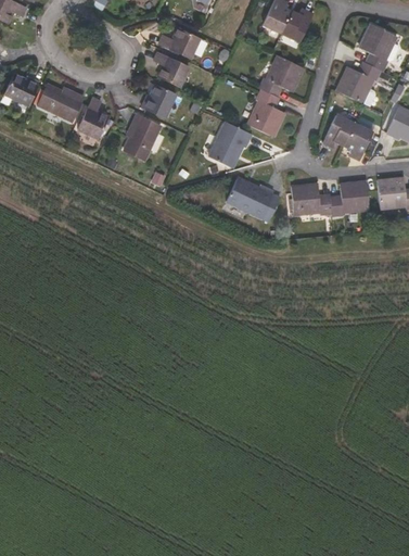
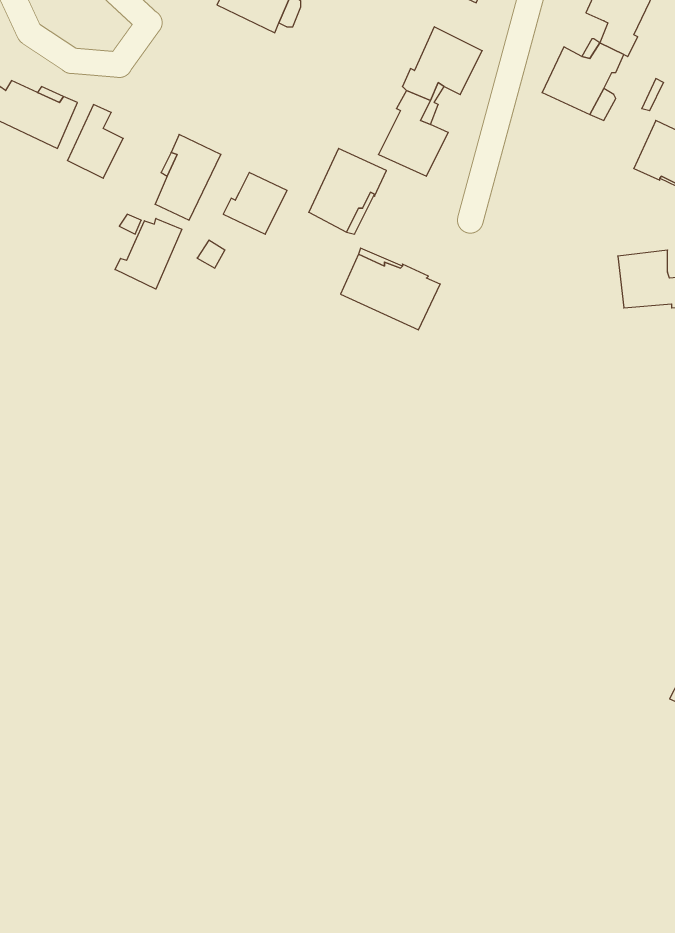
building: [153,51,188,87] -> none
building: [141,84,176,117] -> [223,172,287,234]
building: [322,114,372,159] -> none
building: none -> [115,218,182,289]
building: [291,181,369,214] -> none

